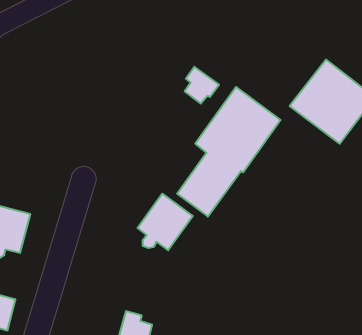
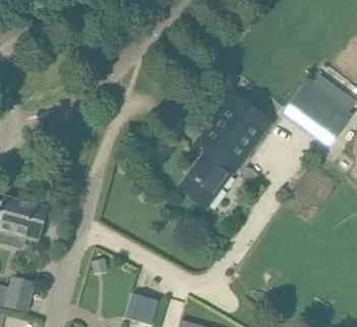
building: [185,67,219,104] -> none
building: [137,194,193,250] -> none

